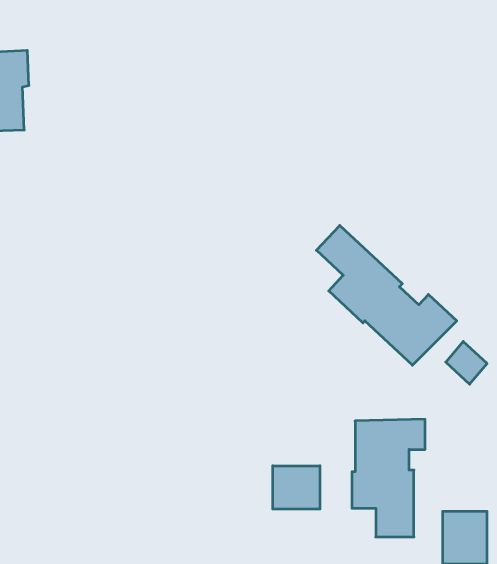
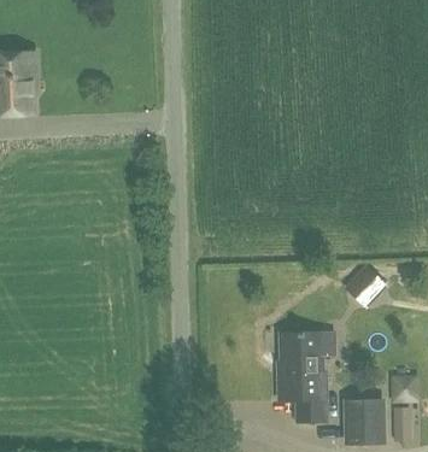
building: [316,225,457,365] -> none
building: [273,466,320,509] -> none

